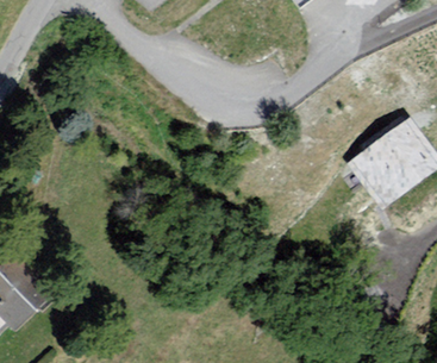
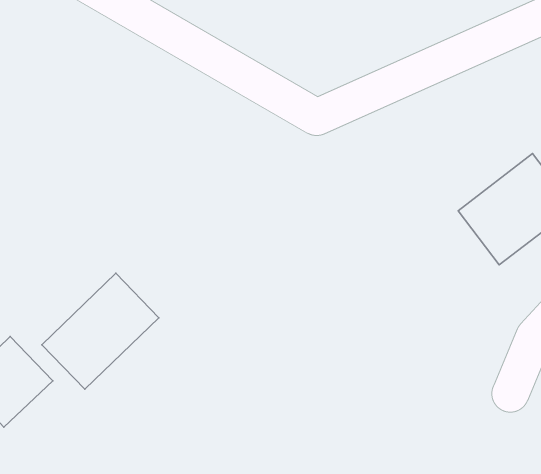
building: none -> [42,273,159,389]

